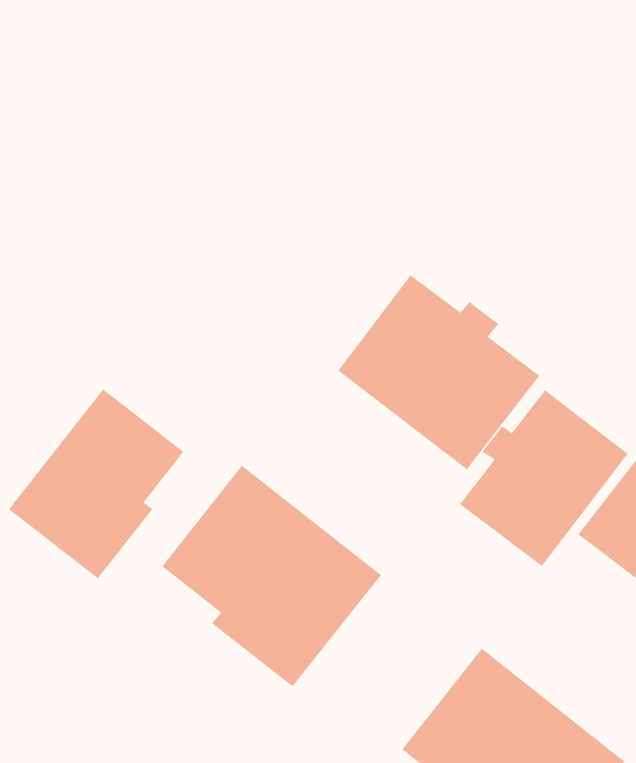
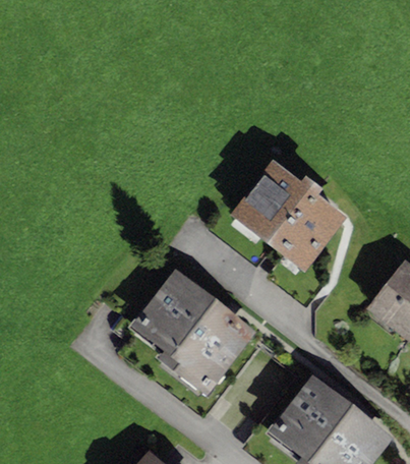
building: [8,389,184,579] -> none
building: [459,389,628,567] -> none

